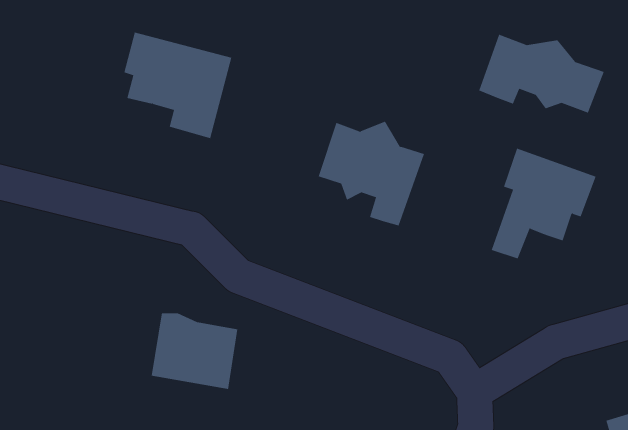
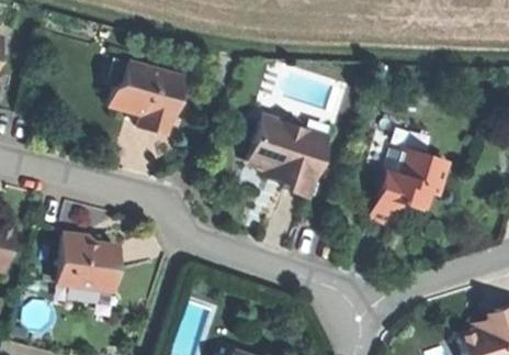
building: [478,34,604,114] -> none
building: [151,313,238,390] -> [60,233,124,289]

